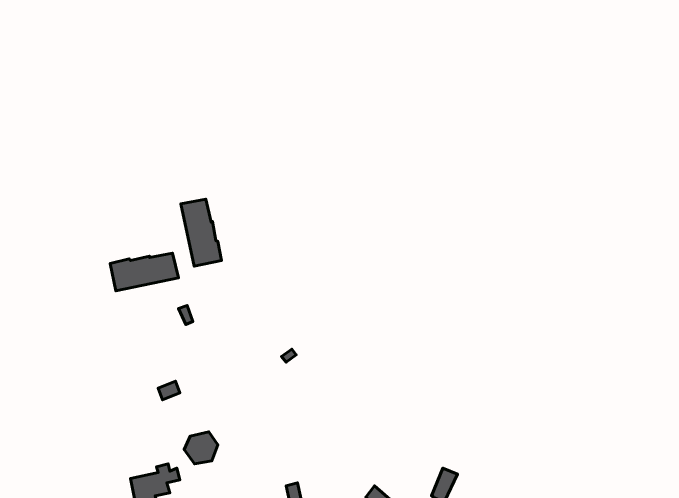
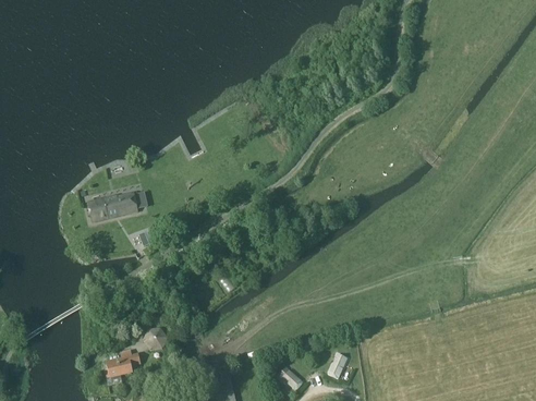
building: [181,199,221,266] -> none

